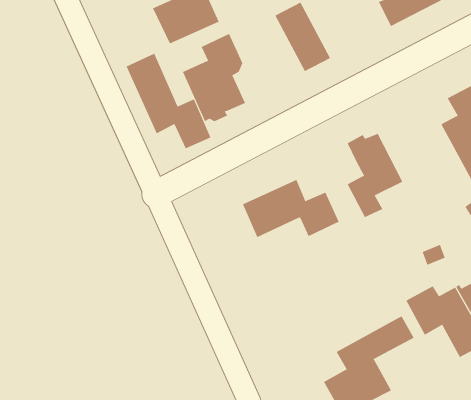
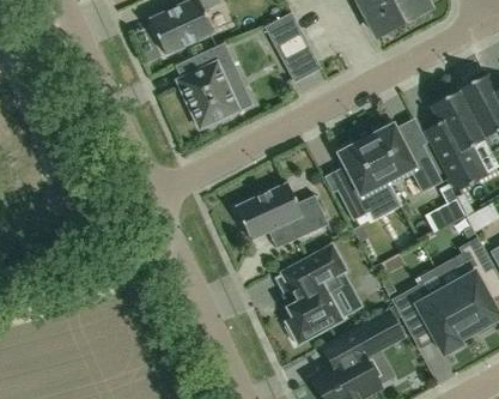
building: [126,53,211,149] -> none
building: none -> [366,119,443,192]
building: none -> [281,246,347,340]

